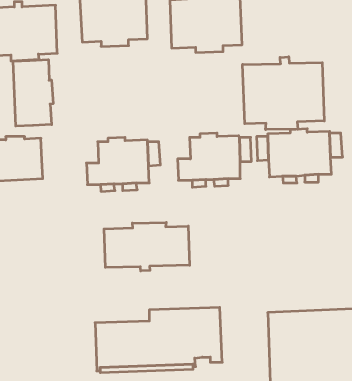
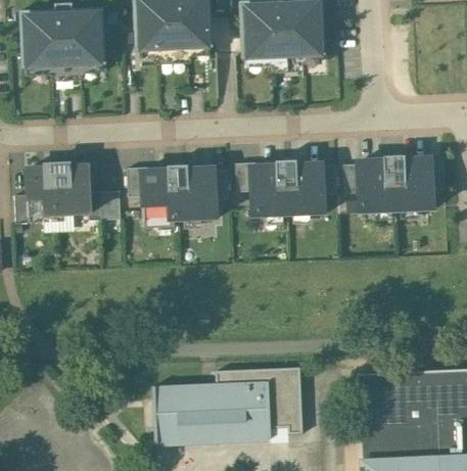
building: [243,57,324,130] -> none
building: [13,60,53,126] -> none
building: none -> [236,160,266,190]
building: none -> [128,166,156,195]
building: none -> [89,190,122,220]
building: [104,222,190,271] -> none

